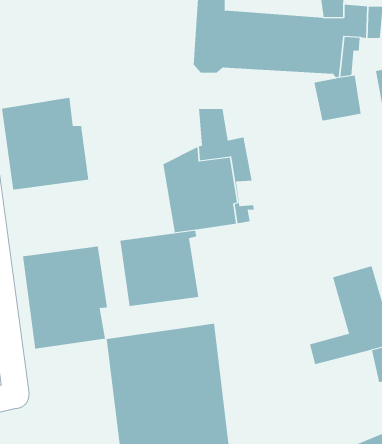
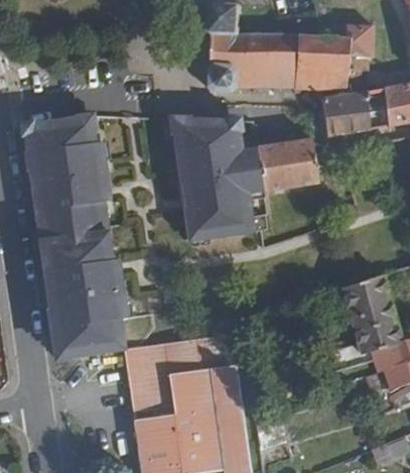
building: none -> [170,122,216,178]
building: none -> [257,140,321,194]
building: [119,230,199,307] -> [34,193,111,266]

